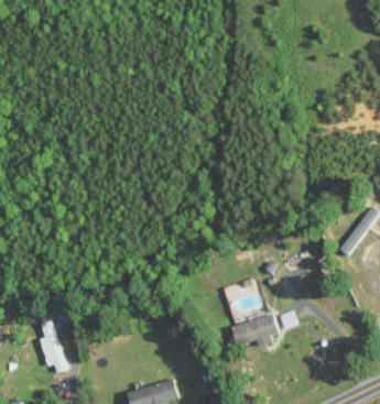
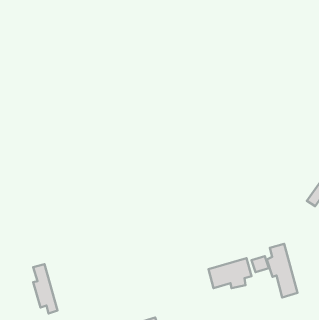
building: none -> [267,244,298,297]

